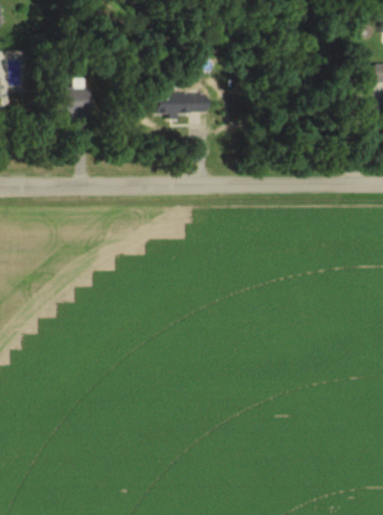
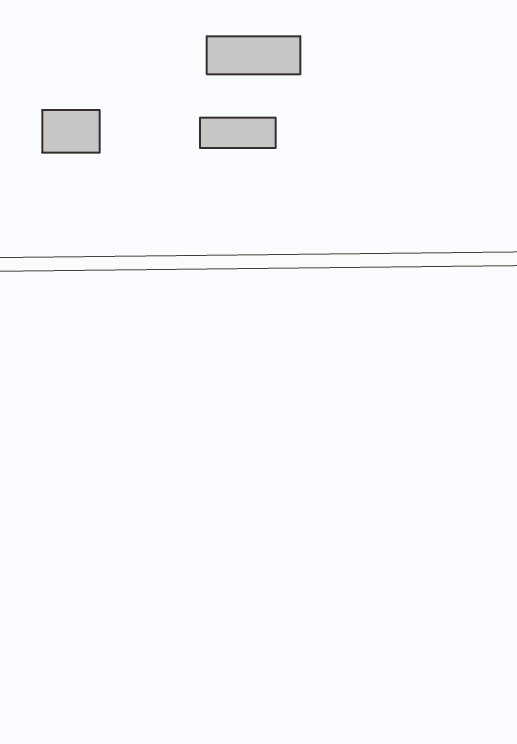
building: none -> [207,36,300,74]

